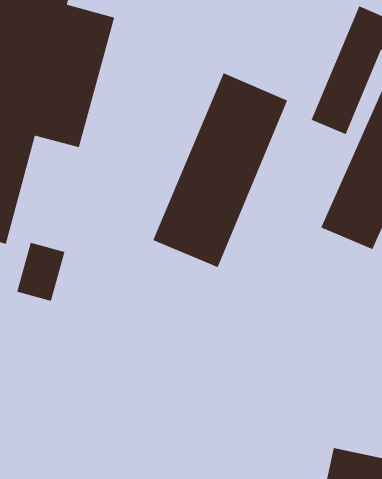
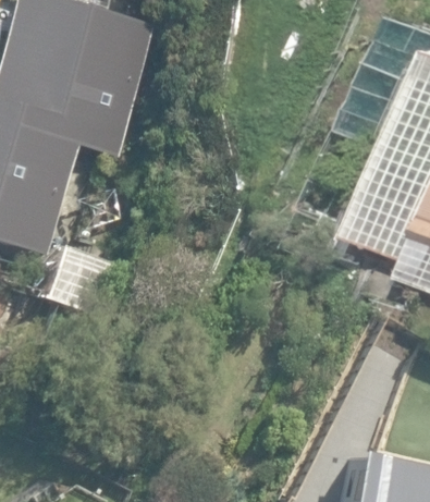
building: [152,72,288,268] -> none

